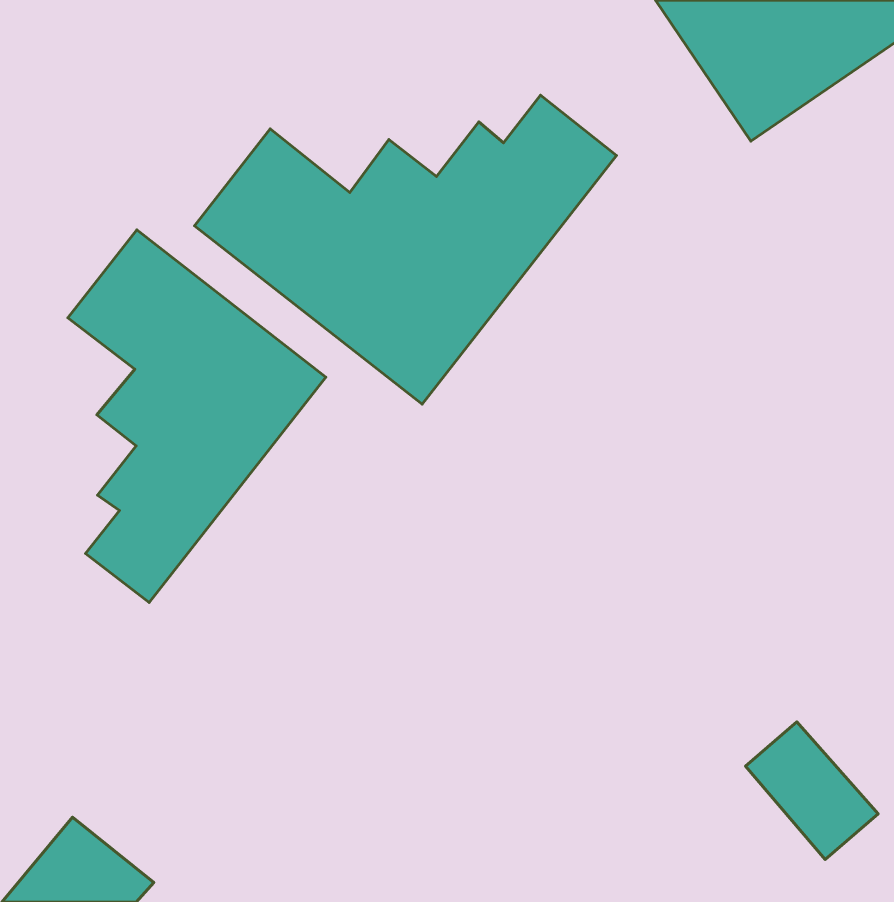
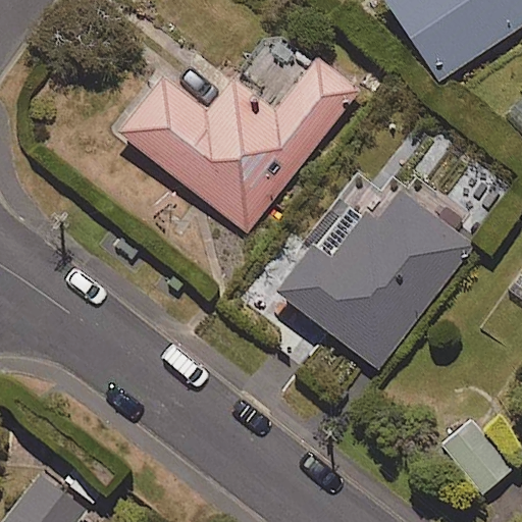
building: [68,230,326,603] -> none
building: none -> [274,174,475,370]

